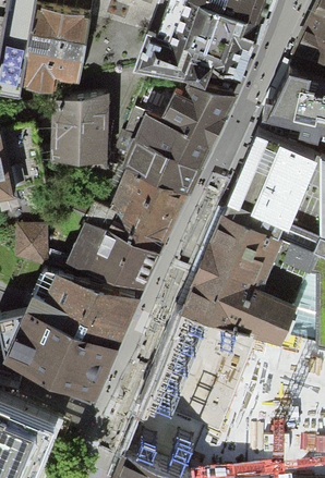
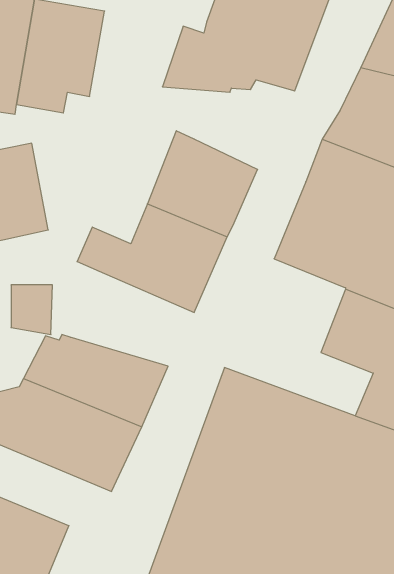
building: [160,84,237,139] -> none
building: [50,91,108,166] -> none
building: [184,210,302,334] -> none
building: [62,220,160,295] -> none

